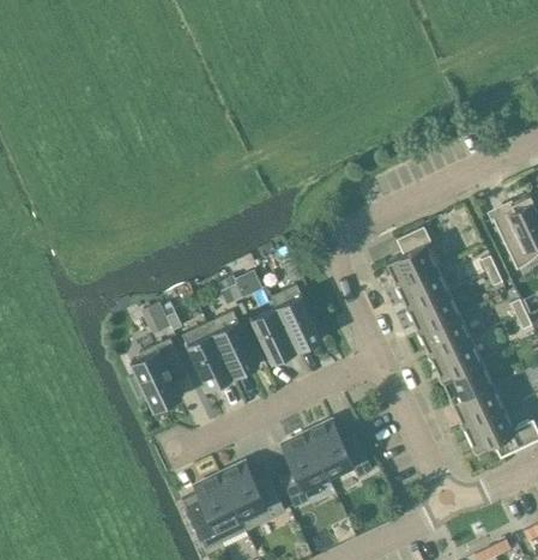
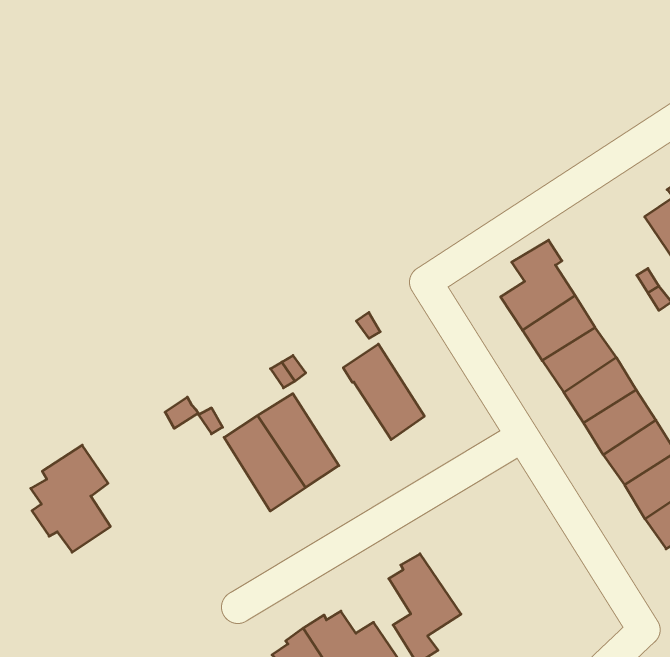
building: [250,307,297,362] -> none
building: [129,337,185,410] -> [31,445,110,552]
building: [307,422,373,477] -> none

